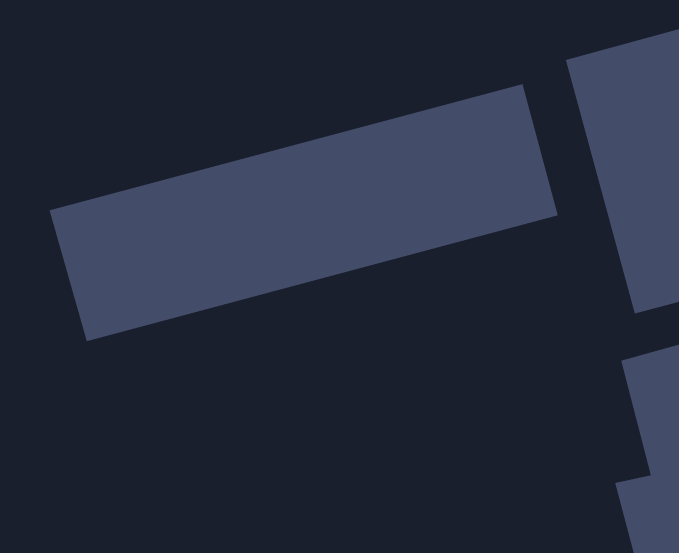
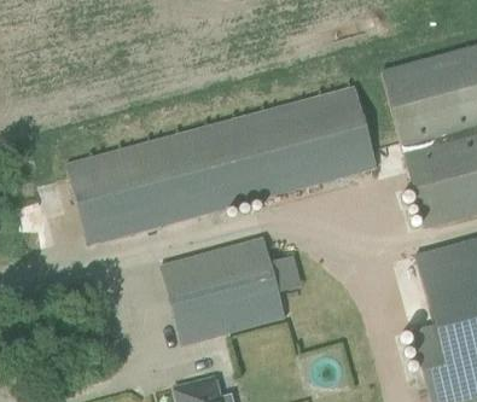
building: none -> [161,237,304,345]

